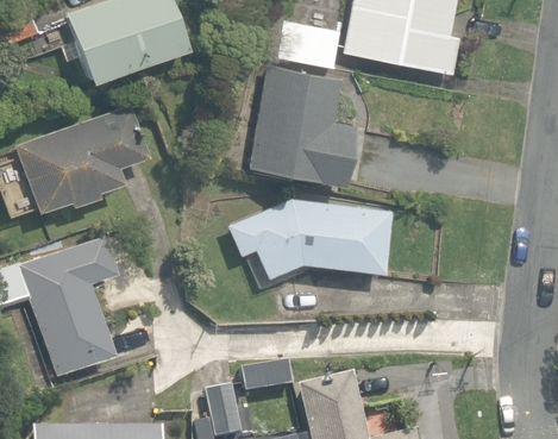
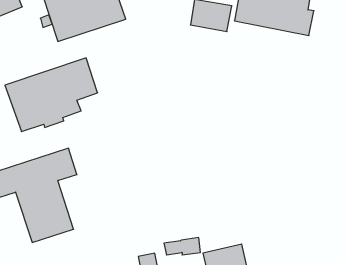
building: [250,64,355,183] -> none
building: [227,196,394,286] -> none

